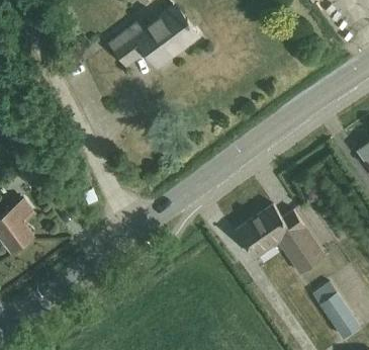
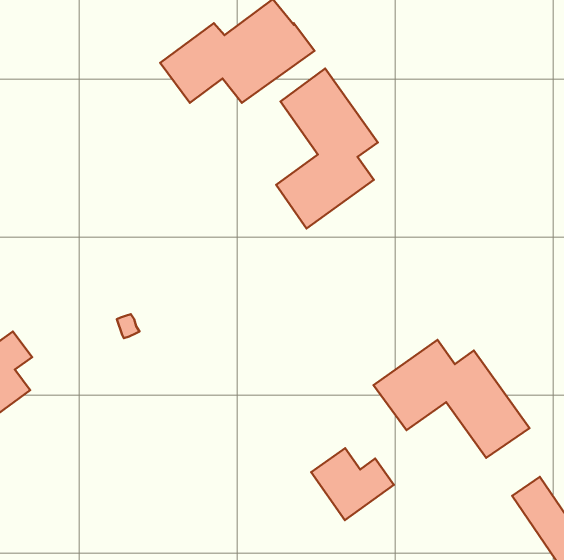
building: none -> [276,68,378,228]
building: none -> [311,448,394,520]

